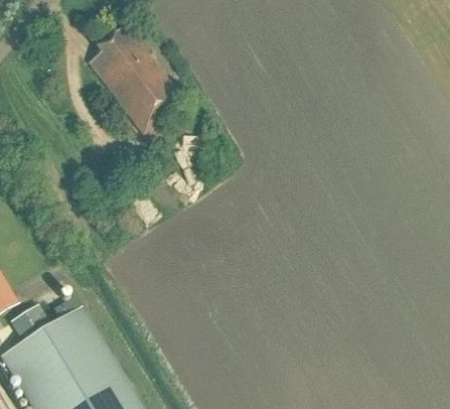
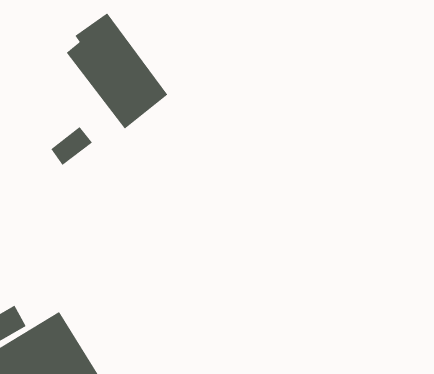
building: none -> [50,126,93,166]

